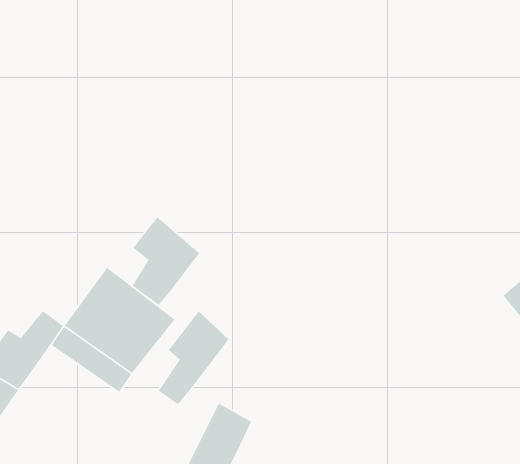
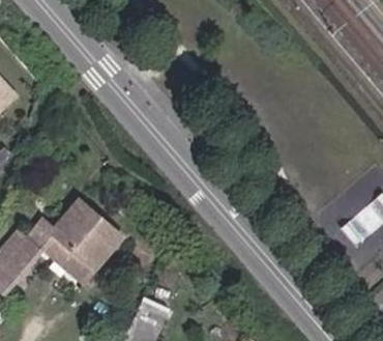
building: [132,216,200,306] -> none
building: [158,310,229,405] -> none

